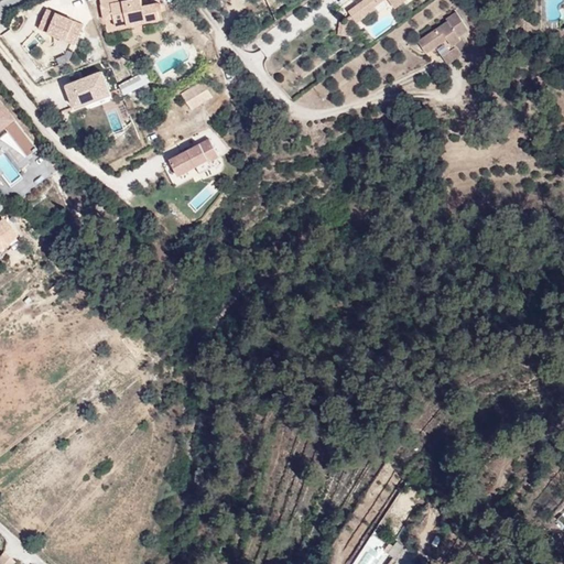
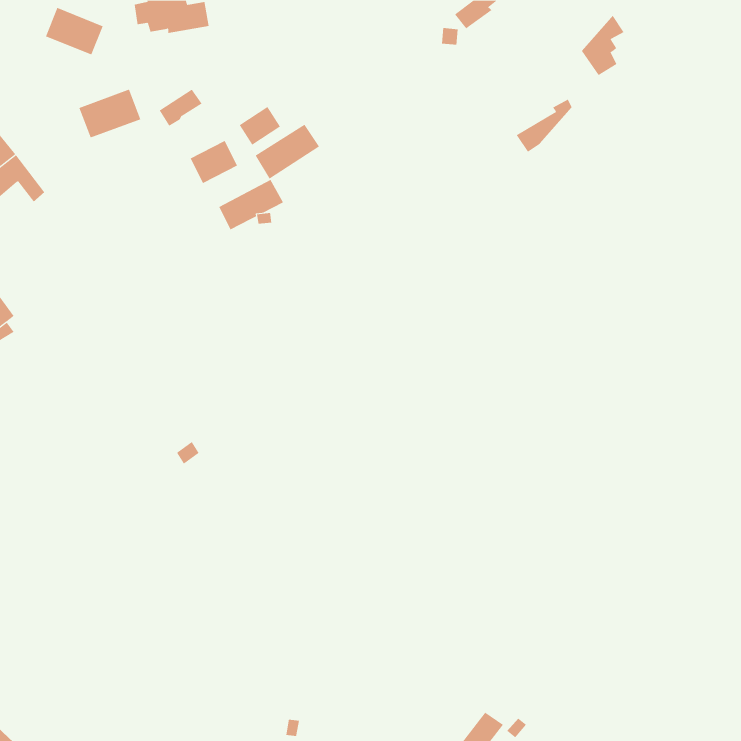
building: [421,7,464,47] -> [516,99,572,153]
building: none -> [255,124,320,180]
building: none -> [190,140,238,184]

